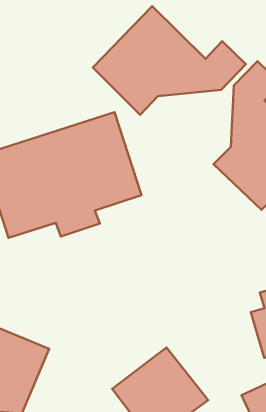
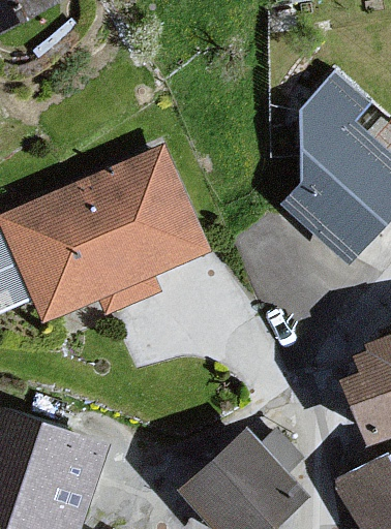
building: [93,6,246,115] -> none

